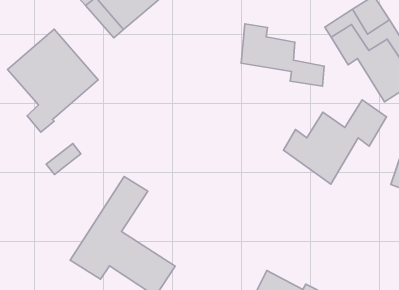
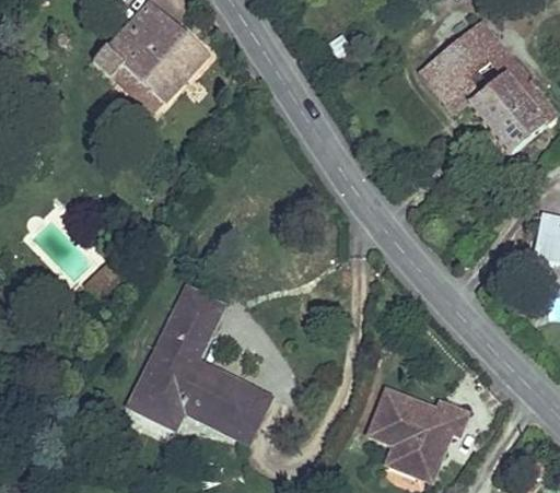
building: [241,24,324,86] -> none
building: [8,29,98,132] -> none
building: [283,100,386,184] -> none

